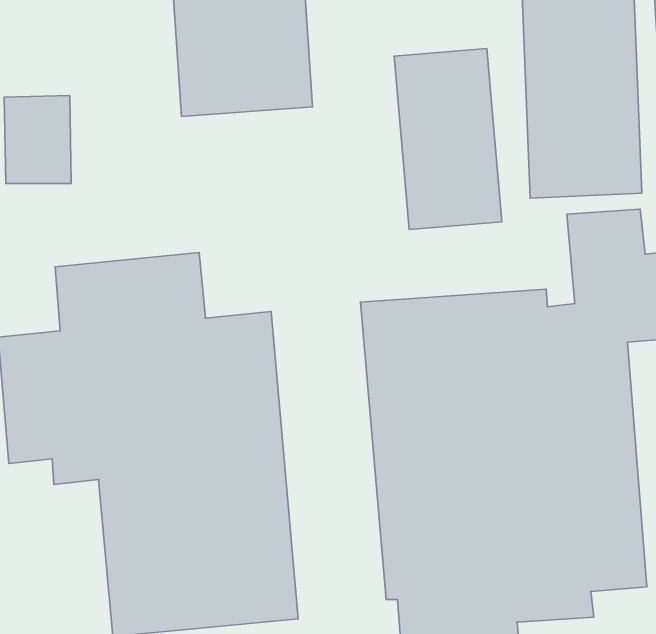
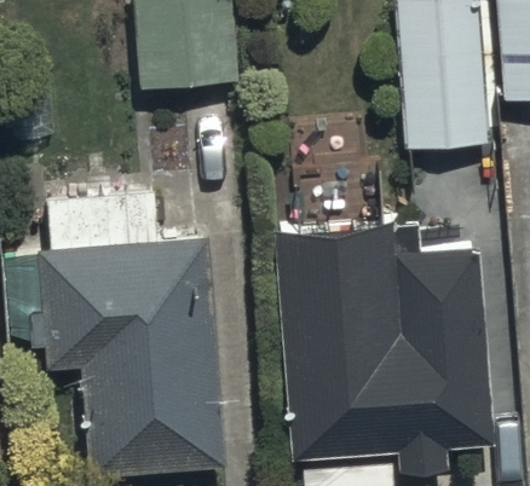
building: [394,48,502,230] -> none

